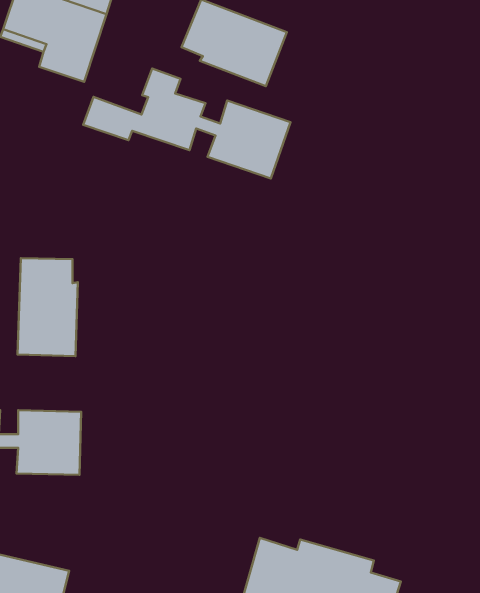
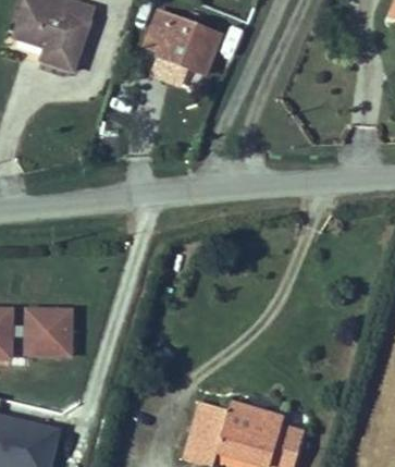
building: [83,68,290,179] -> none
building: [18,258,78,356] -> none

